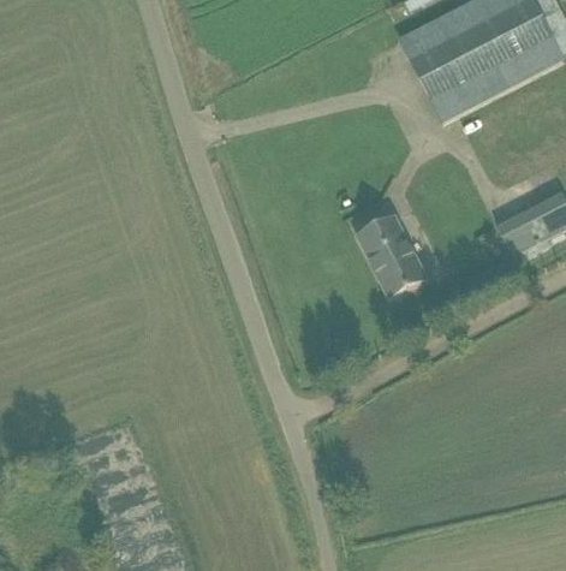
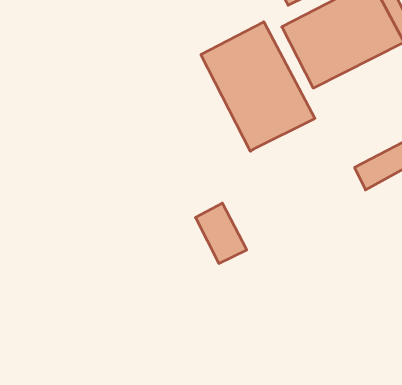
building: none -> [201,22,315,151]
building: [357,215,425,296] -> [195,203,247,263]

